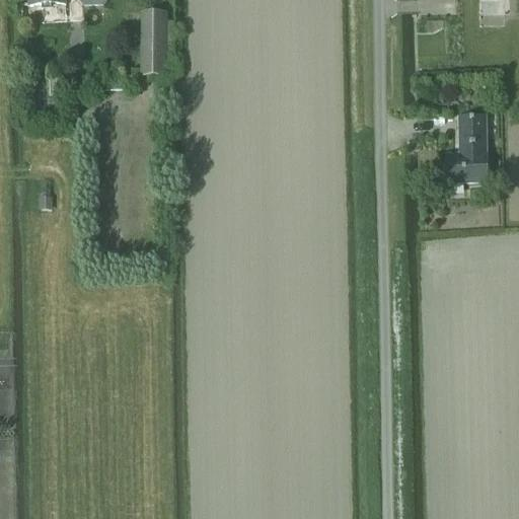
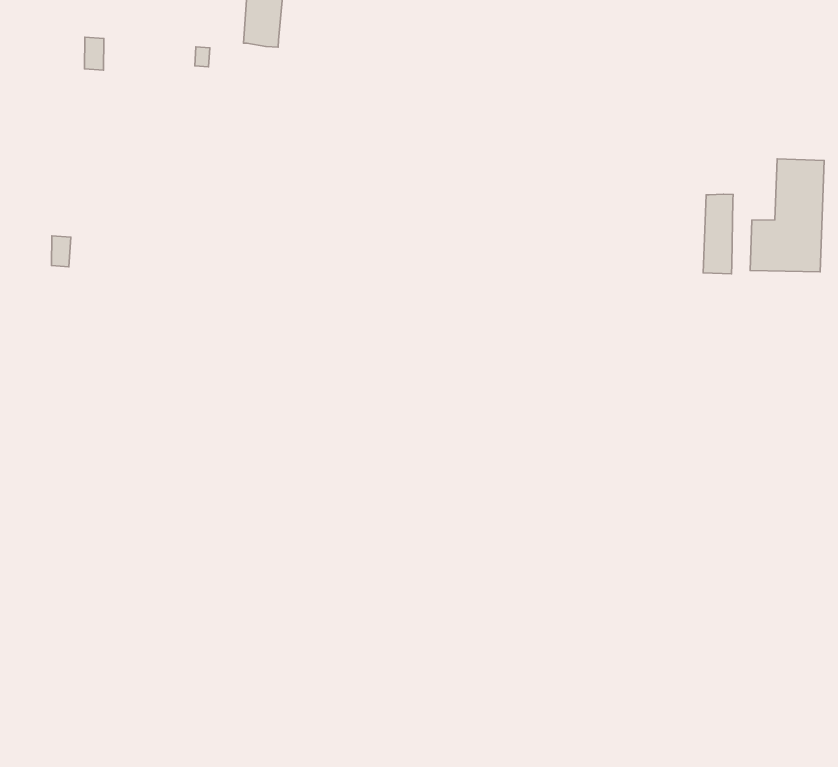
building: none -> [703,194,733,274]

